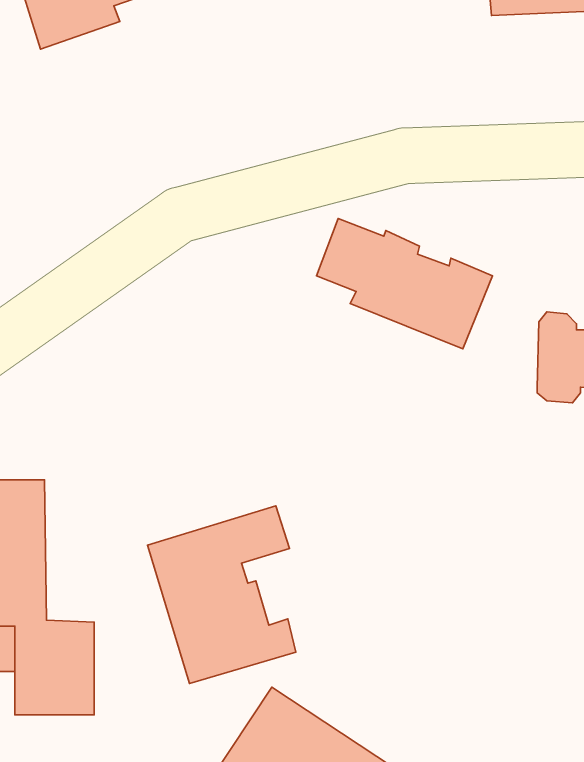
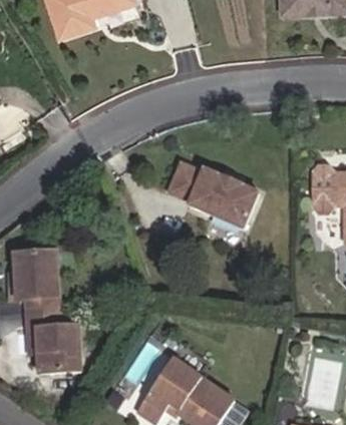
building: [317,219,493,349] -> [165,161,255,228]
building: [147,506,296,683] -> none

